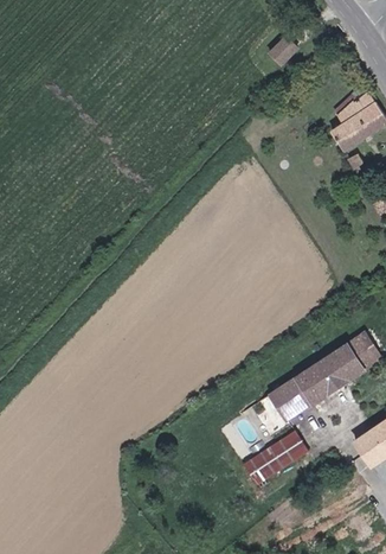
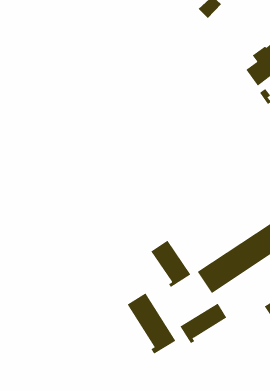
building: none -> [151,240,191,288]
building: none -> [127,293,176,355]

